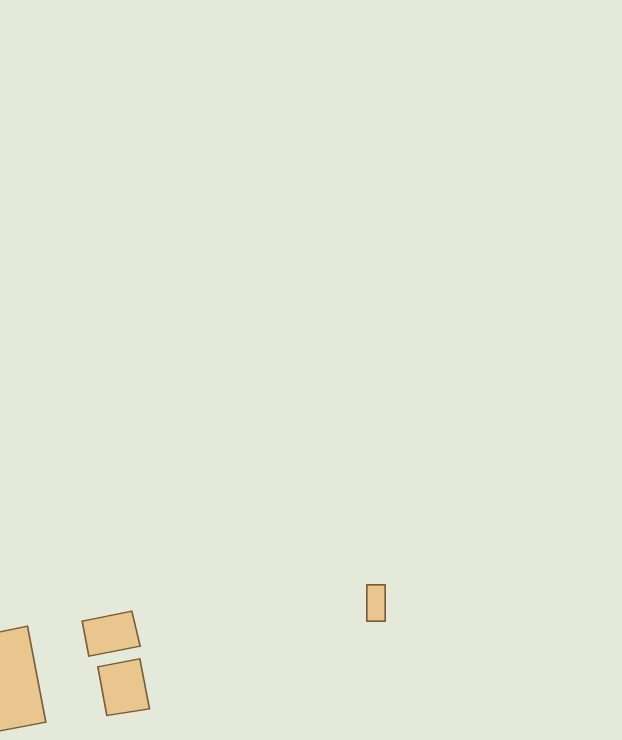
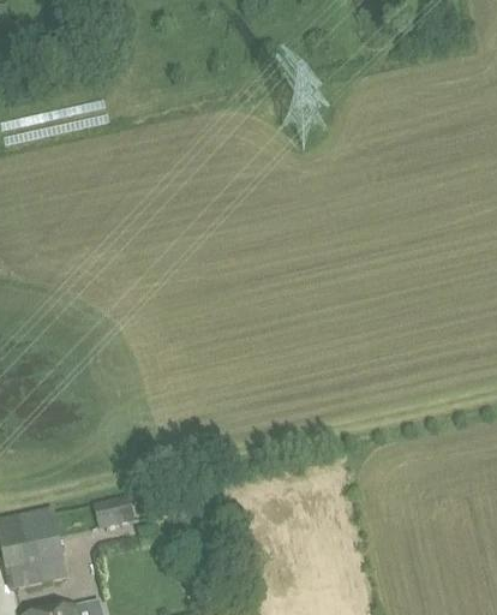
building: [98,659,149,716] -> none

